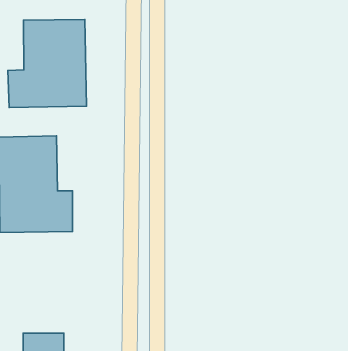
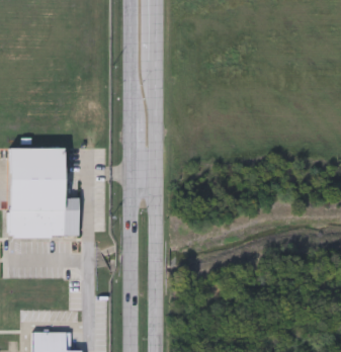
building: [8,20,87,107] -> none

